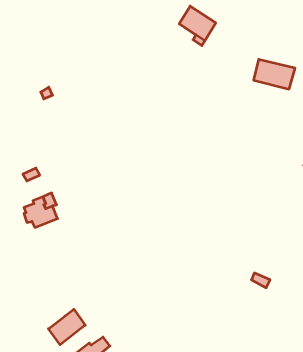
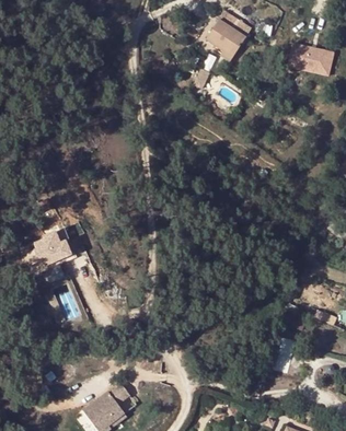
building: [254,59,295,89] -> [289,44,335,77]
building: [48,309,85,345] -> none

